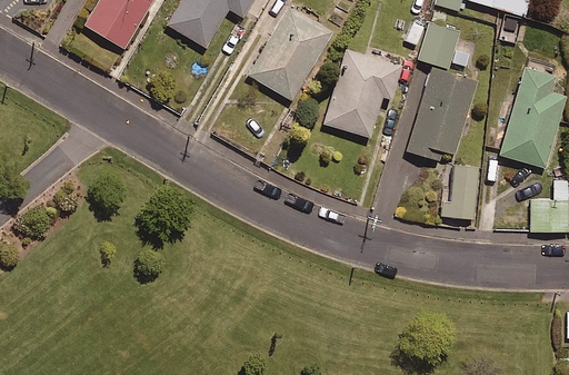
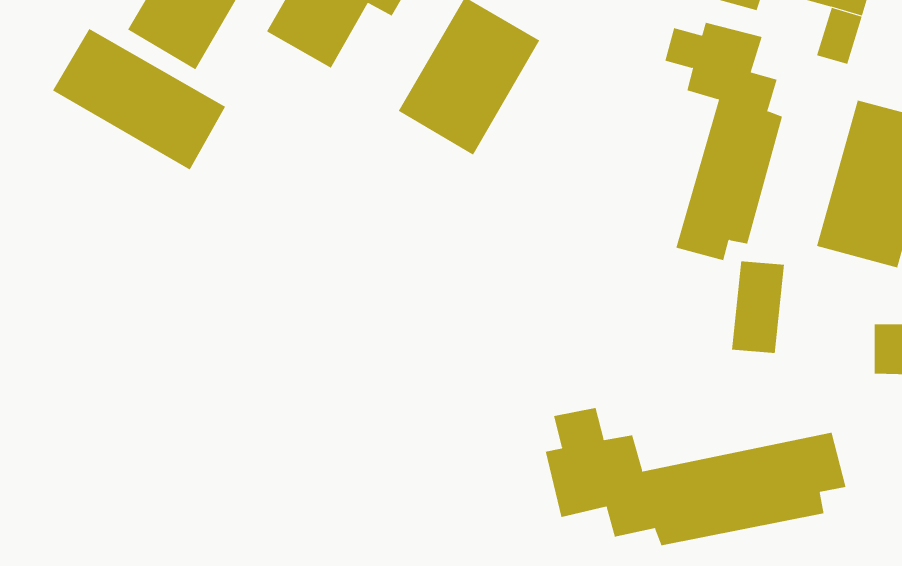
building: none -> [52,28,226,171]
building: [325,49,401,137] -> none
building: none -> [545,407,846,546]

